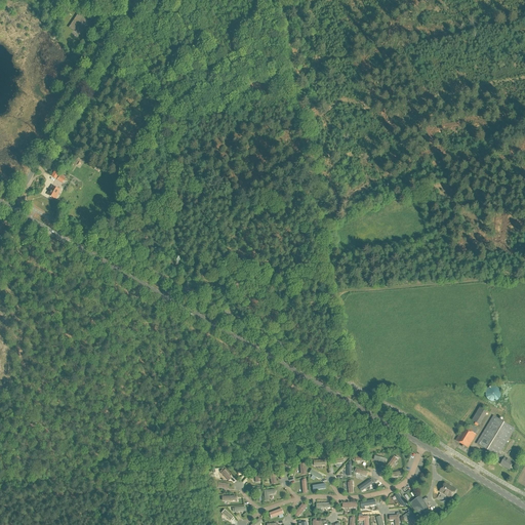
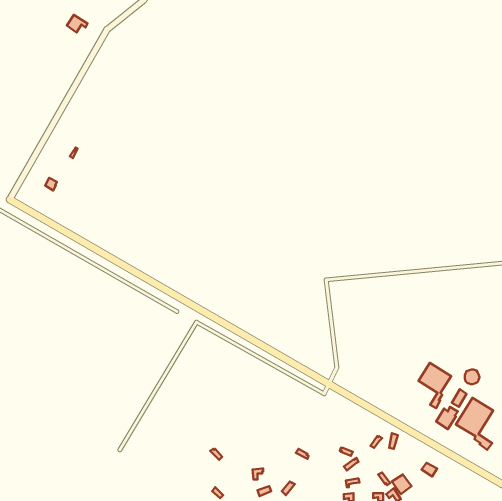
building: none -> [418,363,451,408]

